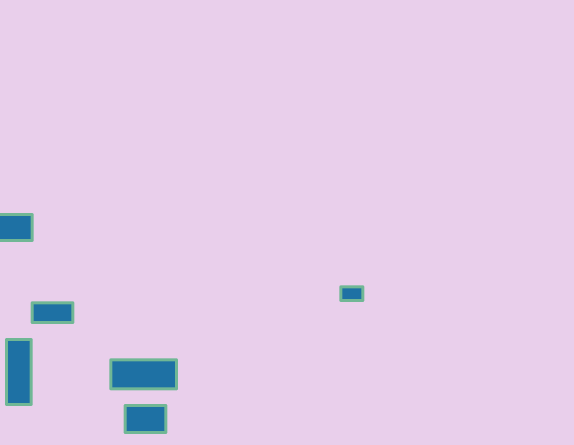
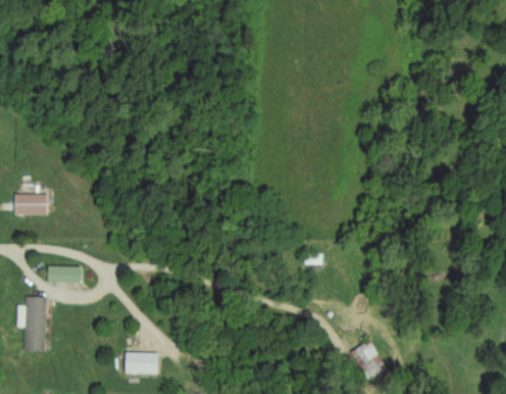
building: [111,360,176,389] -> none
building: none -> [350,340,388,380]

